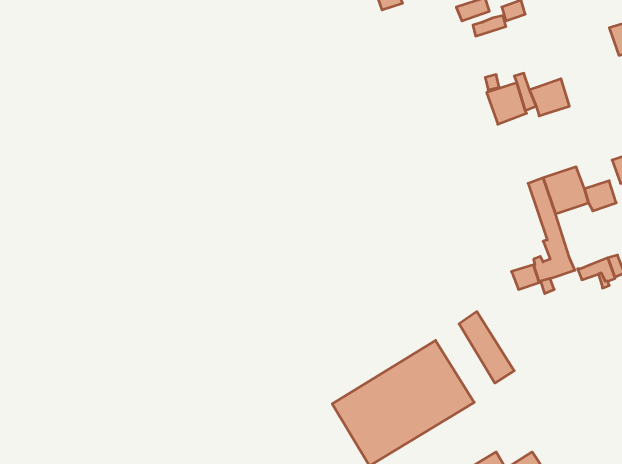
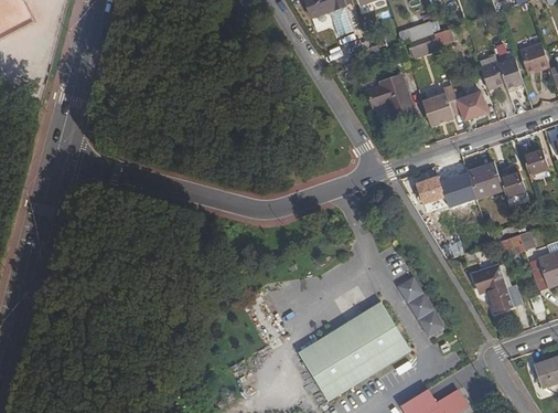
building: none -> [480,57,524,89]
building: none -> [367,74,412,117]
building: none -> [417,177,444,203]
building: none -> [474,265,513,311]

